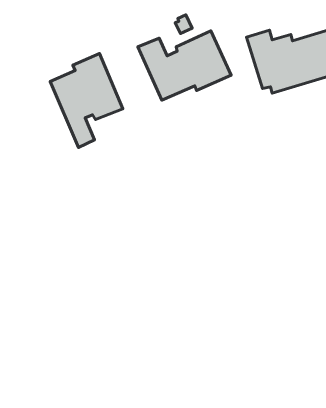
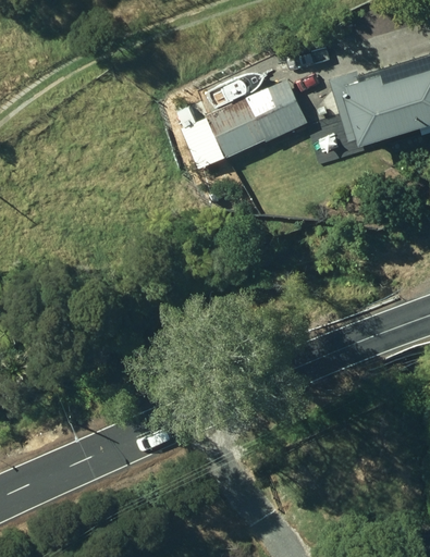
building: [50,54,123,147] -> none

